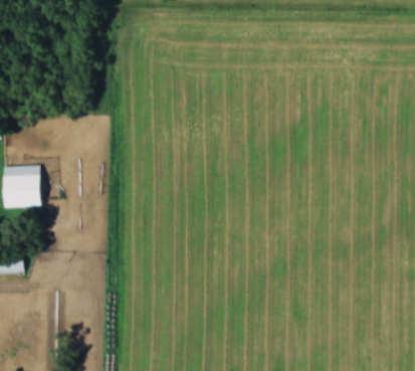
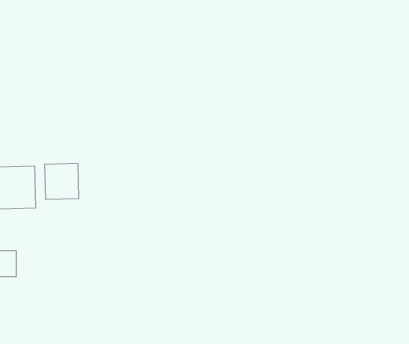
building: none -> [45,163,79,200]

